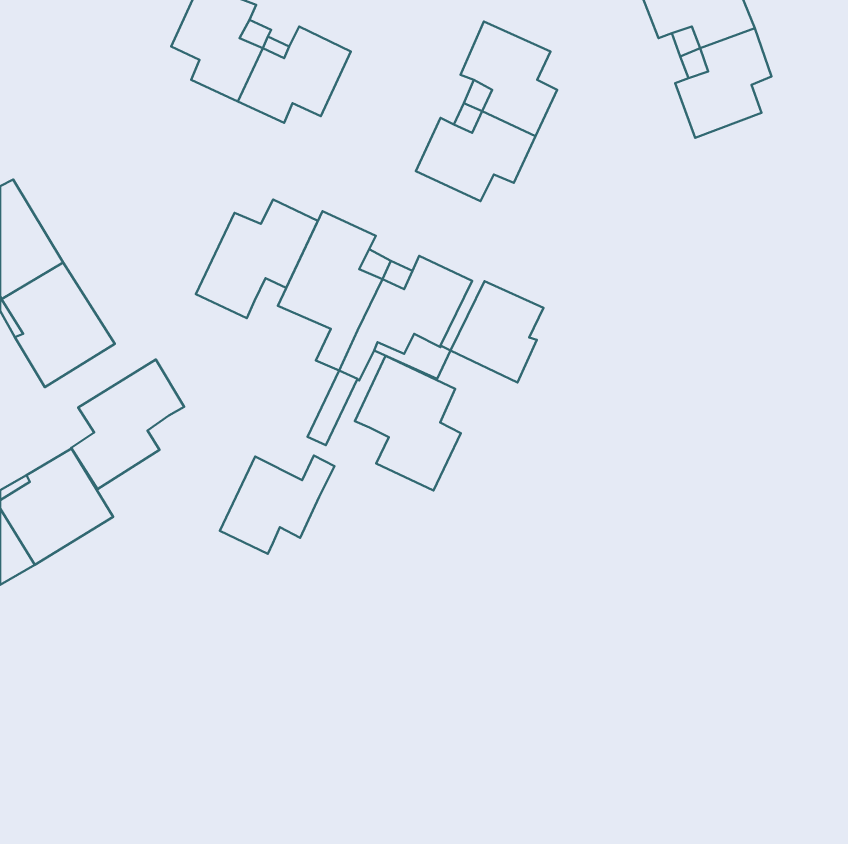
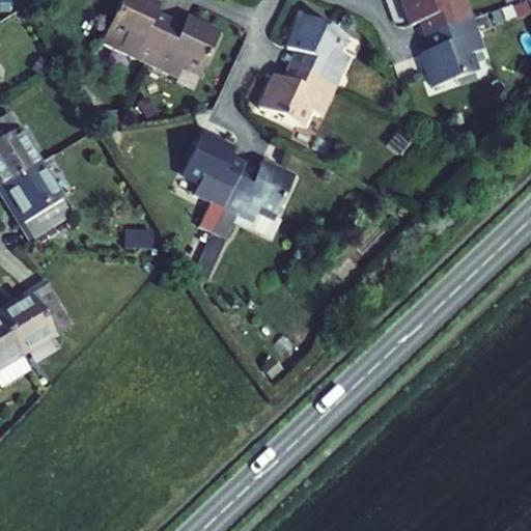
building: [196,200,318,318] -> none
building: [451,281,543,382] -> none
building: [355,356,461,490] -> none
building: [71,359,184,489] -> none
building: [220,455,334,554] -> none

